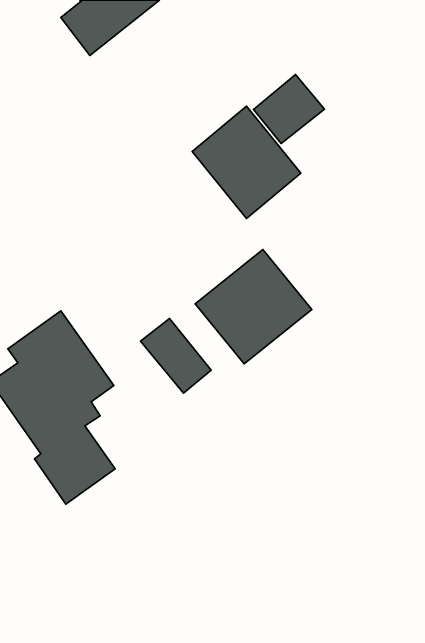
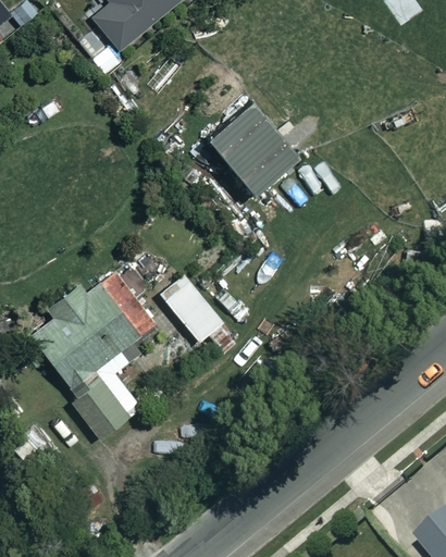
building: [253,74,324,144] -> none
building: [195,250,312,364] -> none

